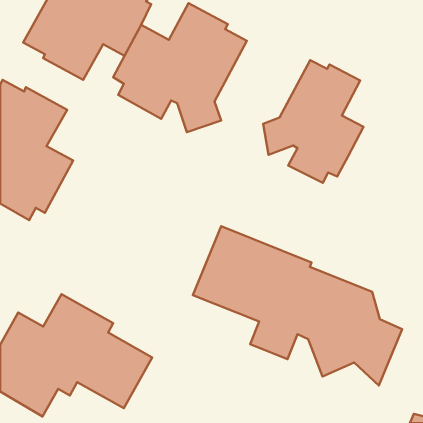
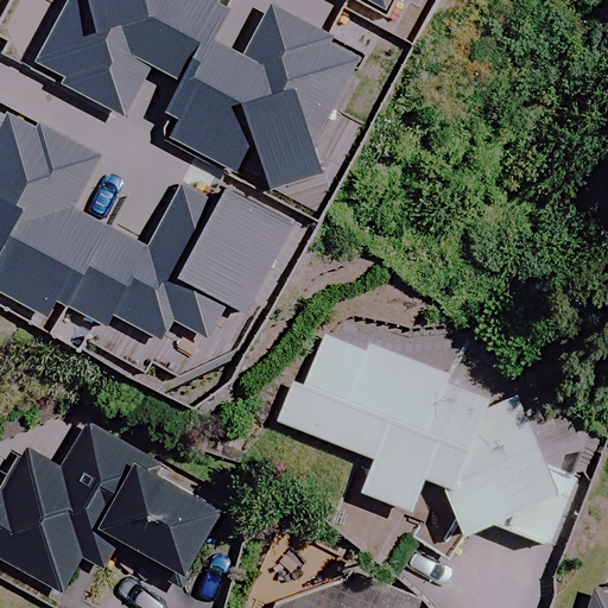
building: [263,60,363,183] -> none
building: none -> [66,184,291,338]

